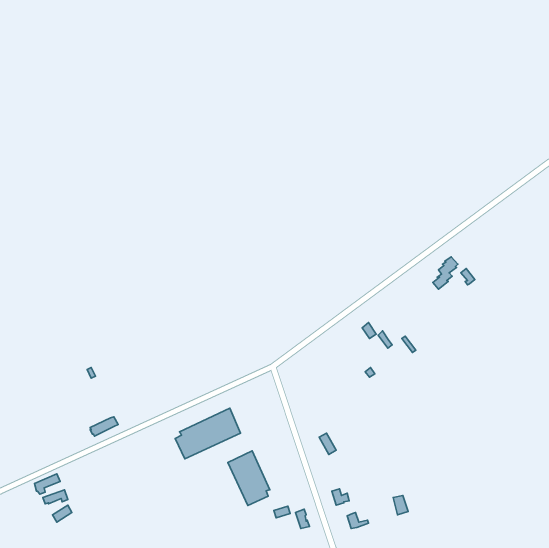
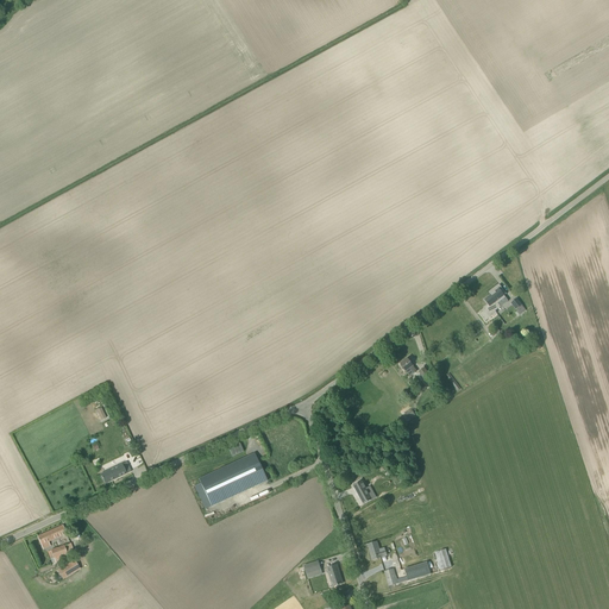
building: [228,451,270,505] -> none

